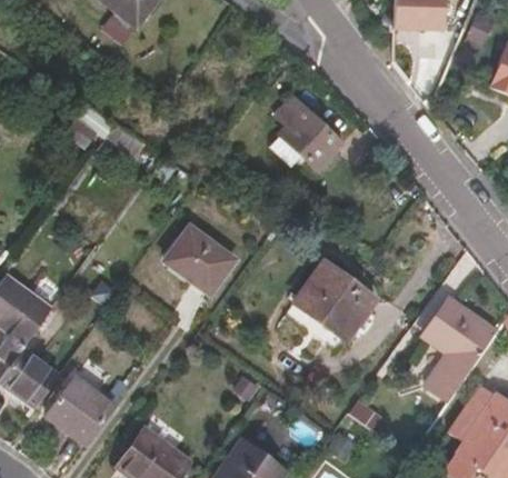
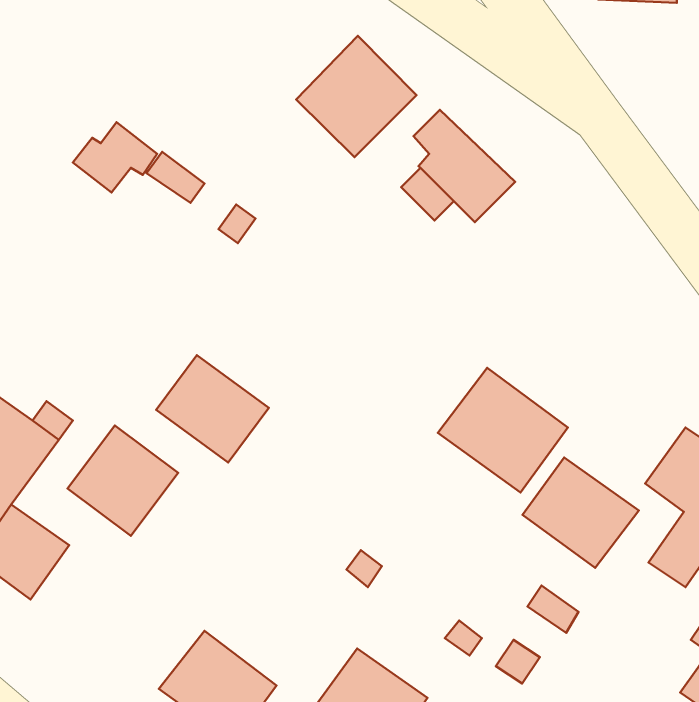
building: none -> [296,36,417,157]
building: [163,226,235,293] -> [156,355,269,462]
building: none -> [522,458,639,568]
building: [44,375,114,445] -> [68,425,178,536]

